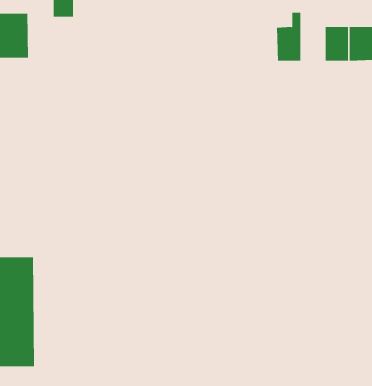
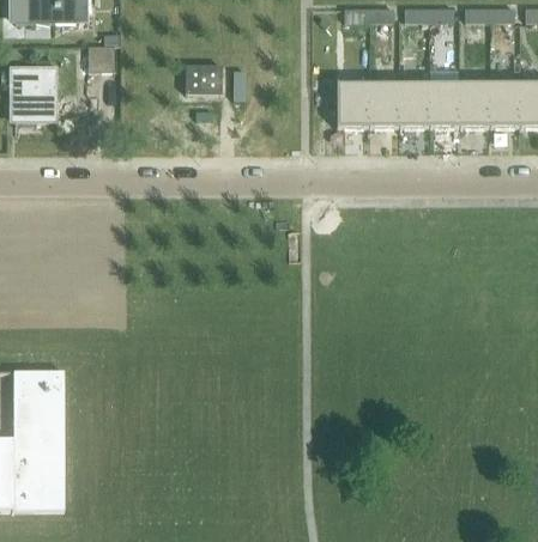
building: none -> [185,63,222,93]
building: none -> [399,83,429,126]
building: none -> [337,84,369,126]

